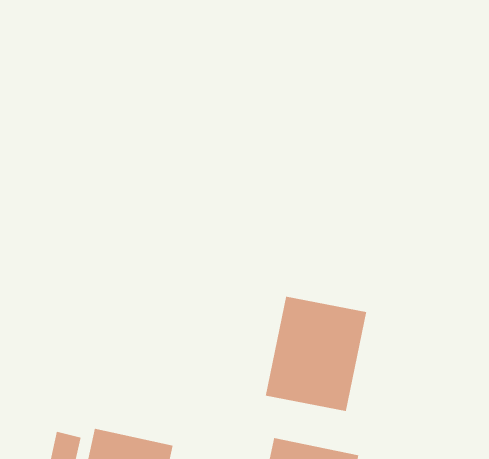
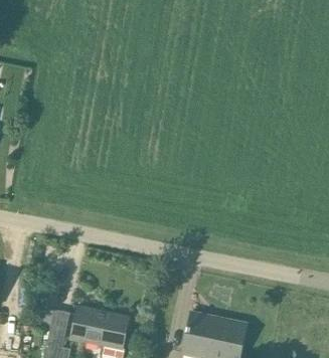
building: [265,296,367,412] -> none

